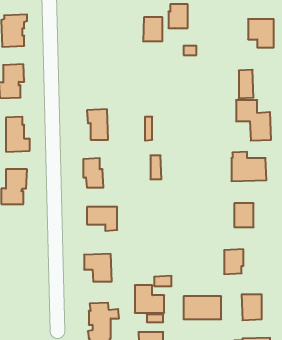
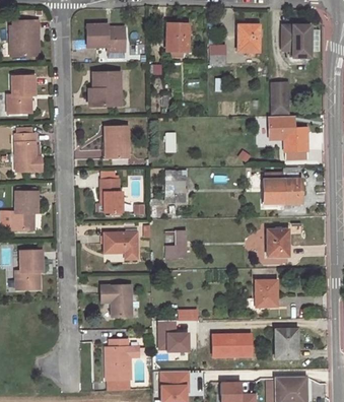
building: [168,4,188,28] -> [238,24,260,51]
building: none -> [87,24,125,51]
building: none -> [92,72,121,106]
building: none -> [166,231,187,258]
building: none -> [16,250,43,288]

